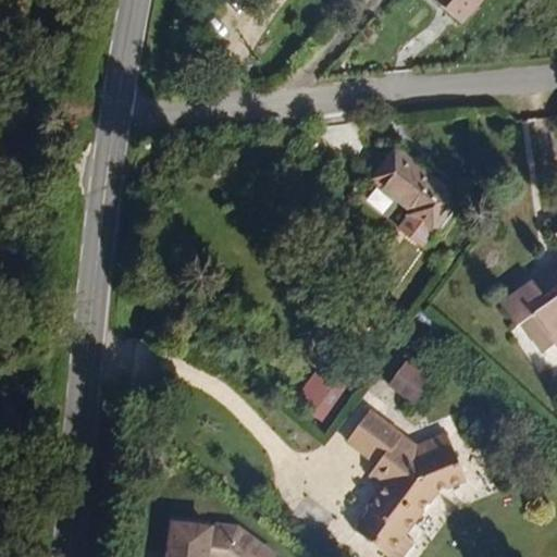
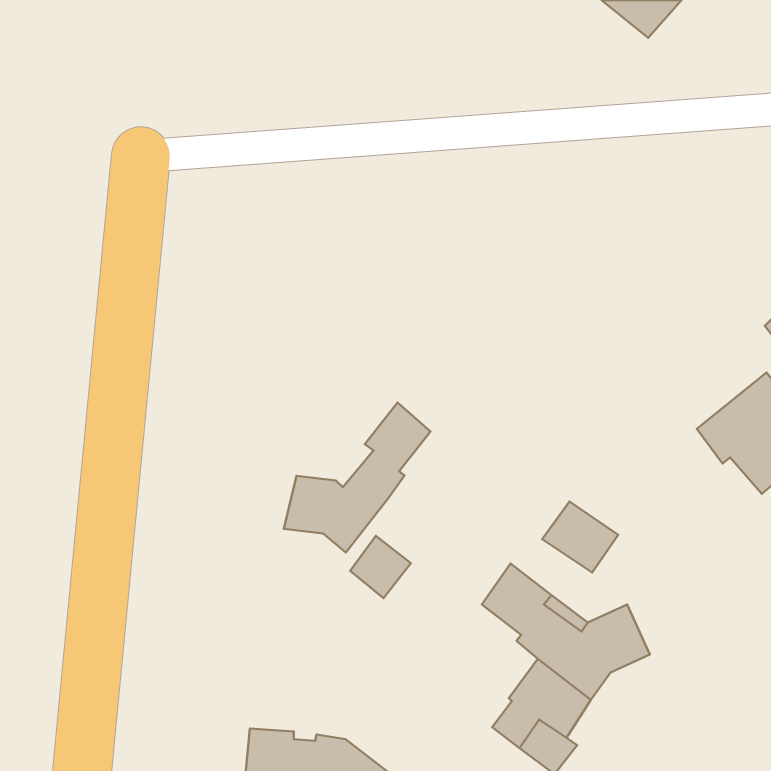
building: [356,148,441,231] -> none
building: none -> [284,402,431,553]
building: [296,371,339,416] -> [350,536,411,598]

